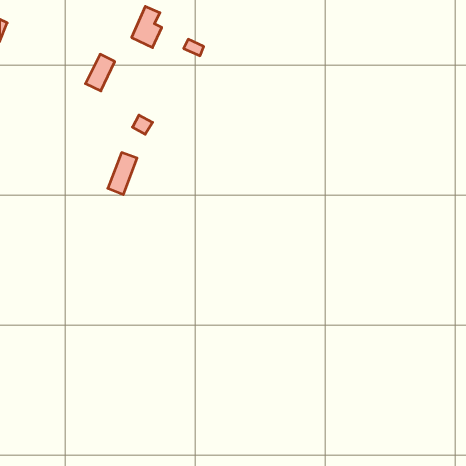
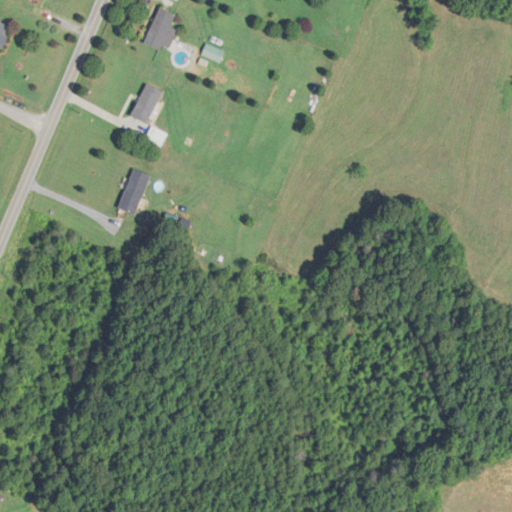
building: [85,54,115,91] -> [130,83,162,123]

